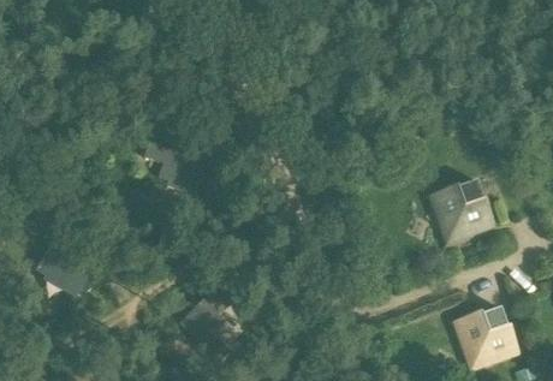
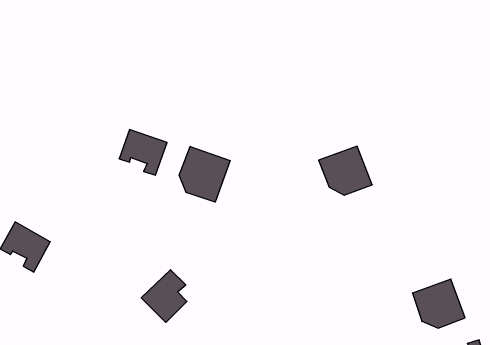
building: none -> [179,146,230,202]
building: [434,181,489,232] -> [319,146,372,195]

